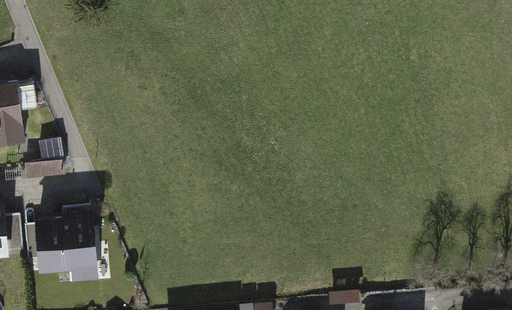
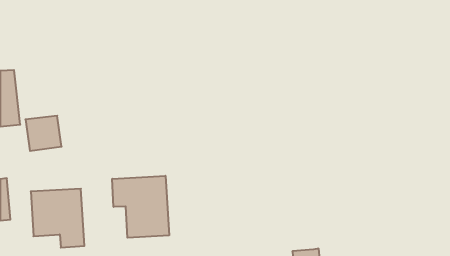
building: none -> [112,176,169,238]

